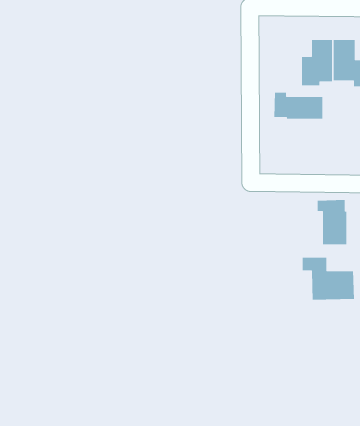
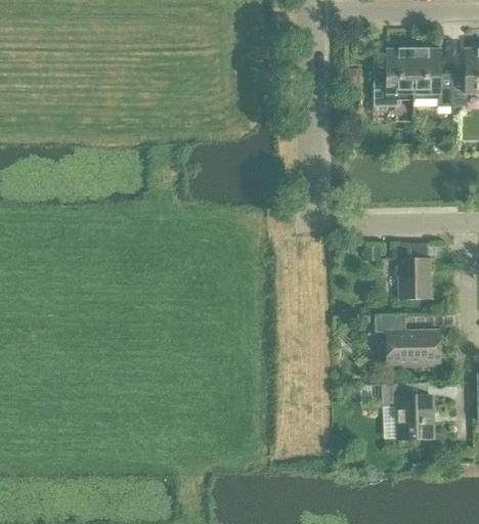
building: [273,92,323,119] -> none
building: none -> [382,384,433,439]

